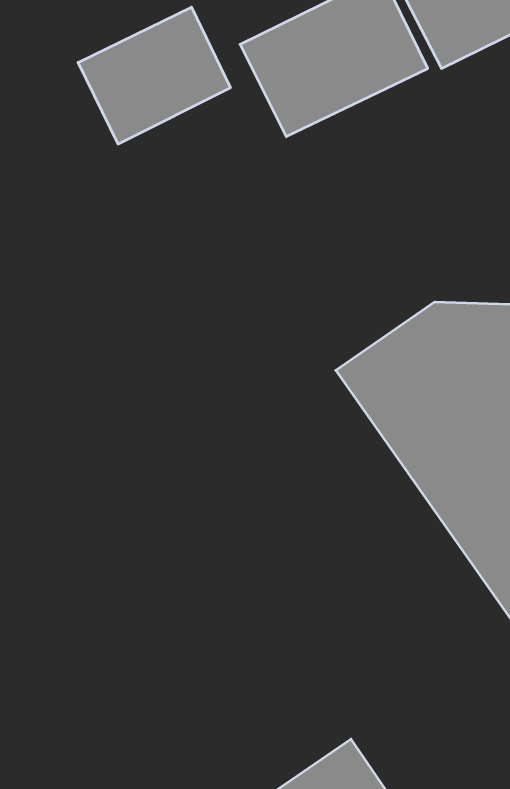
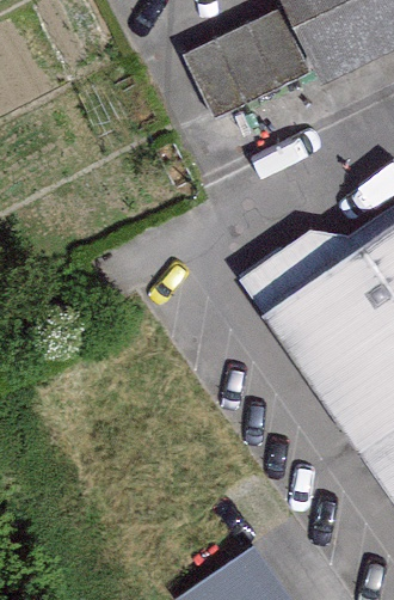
building: [78,7,230,144] -> none

